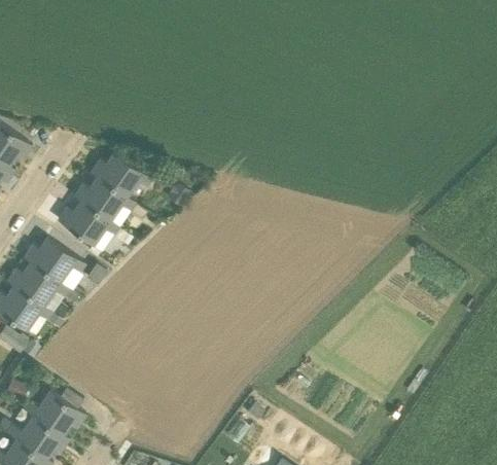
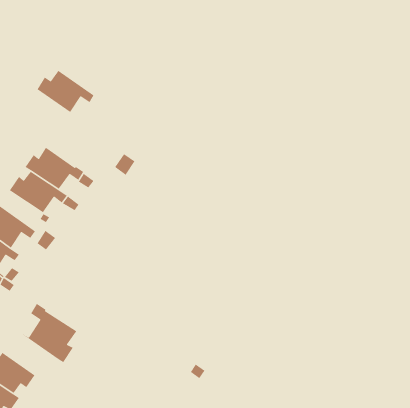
building: [91,152,151,198] -> [37,70,95,113]
building: none -> [18,303,82,363]

